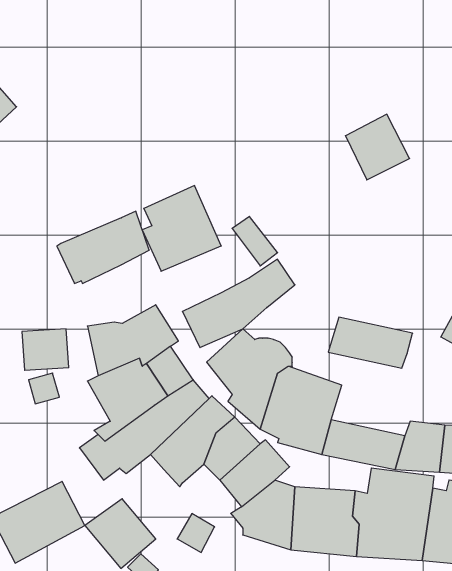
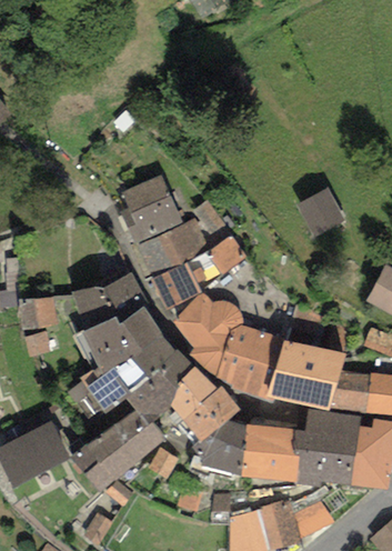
building: [345,114,410,180] -> [292,184,345,239]
building: [57,211,149,283] -> [131,219,208,279]
building: [328,317,413,368] -> [275,340,345,382]
building: none -> [102,410,165,468]

